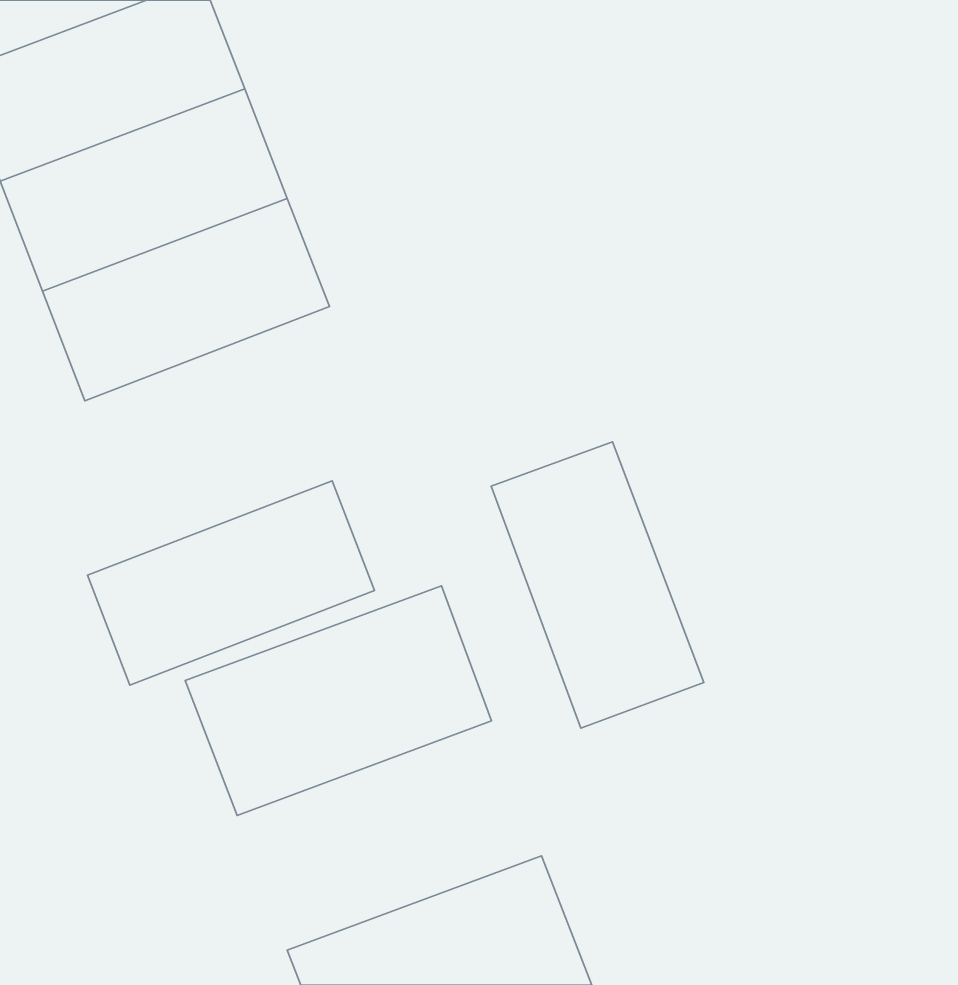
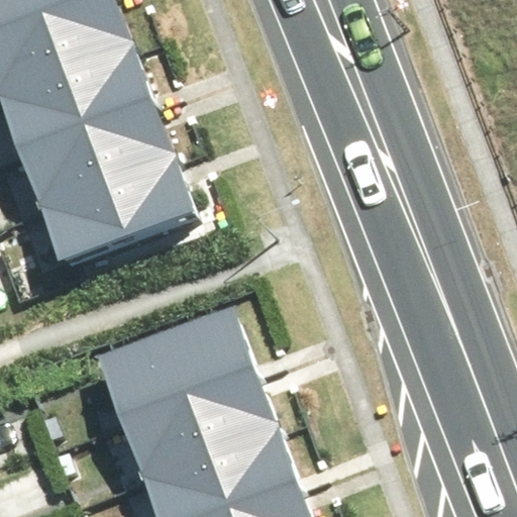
building: [491,442,704,728] -> none
building: [87,481,375,685] -> [44,161,195,268]
building: none -> [124,378,284,498]

